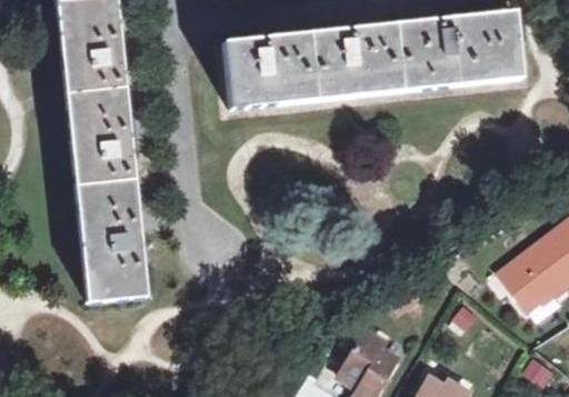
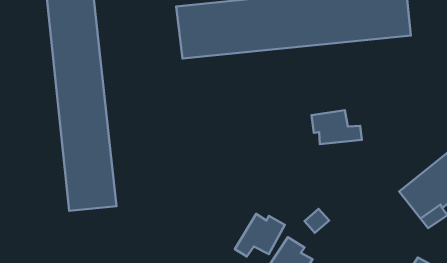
building: none -> [312,110,362,144]
building: none -> [235,214,285,257]

